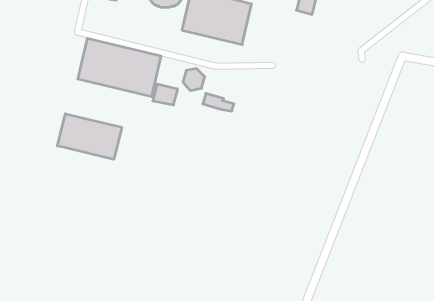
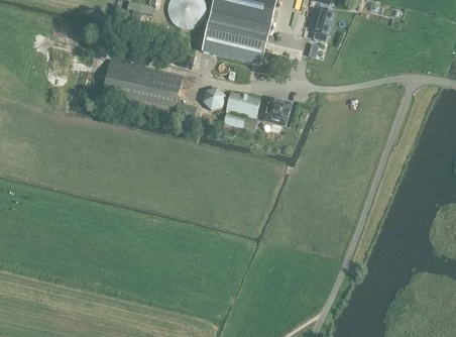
building: none -> [224,90,261,117]
building: none -> [262,95,292,125]
building: [57,114,122,159] -> none

